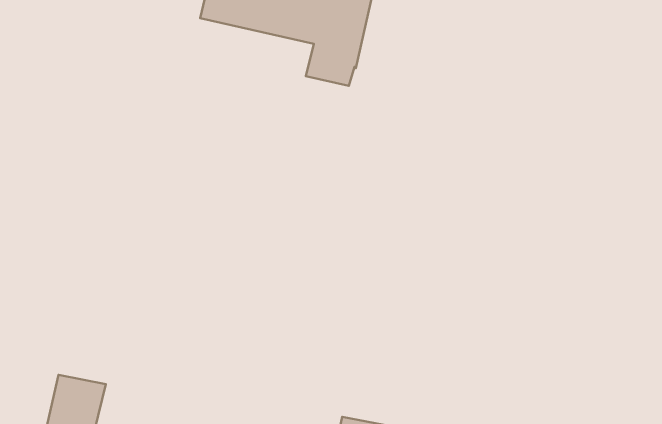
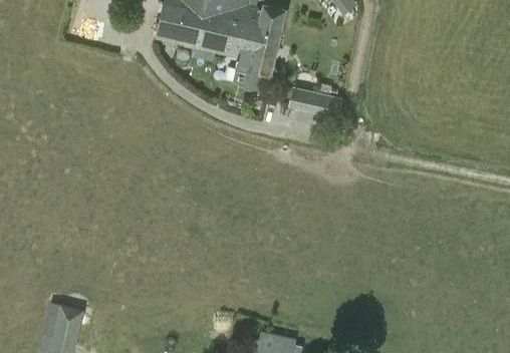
building: none -> [289,86,342,116]

